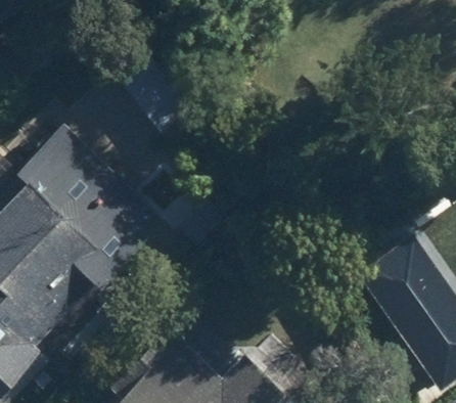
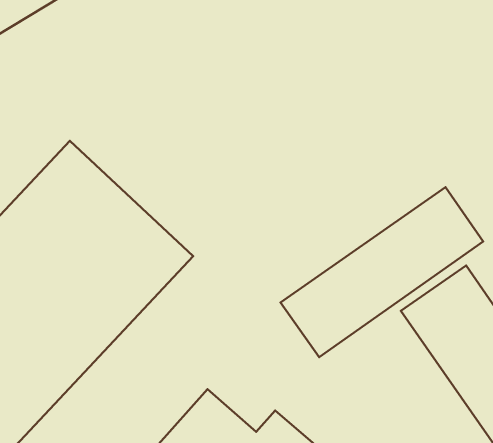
building: none -> [281,187,483,357]

